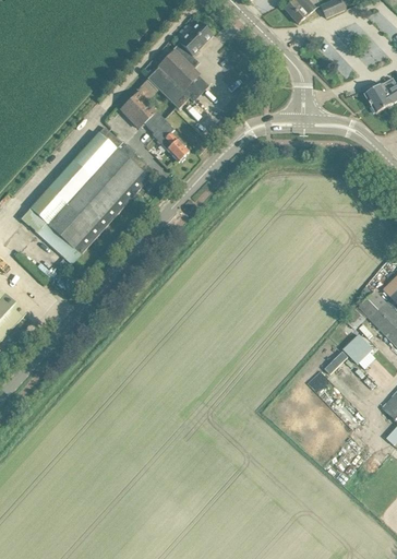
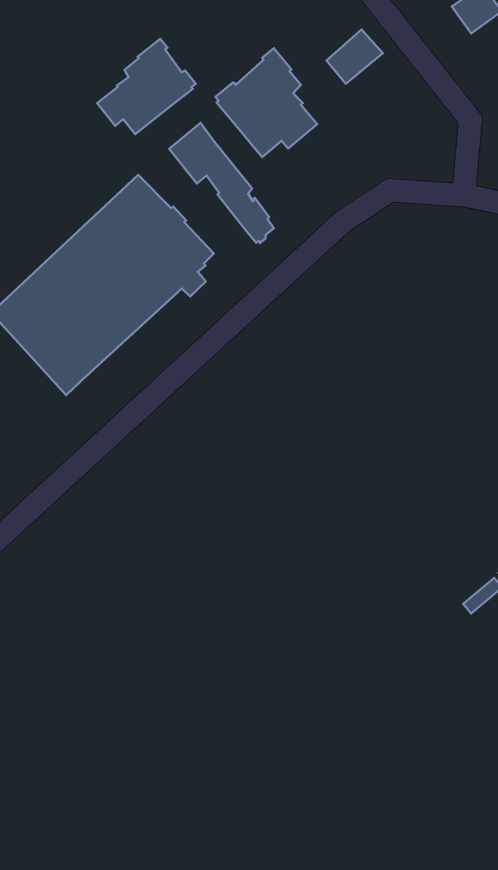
building: [179,21,213,55] -> [326,29,383,84]
building: none -> [97,39,196,134]

